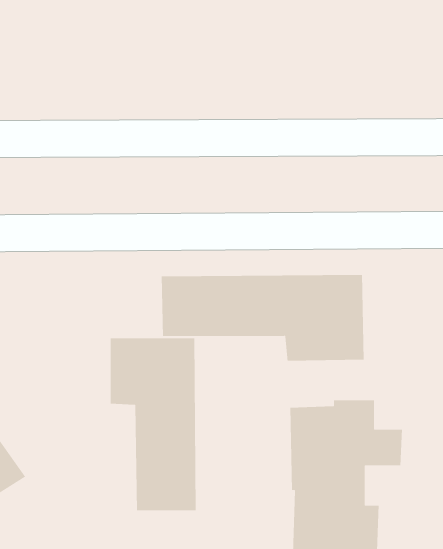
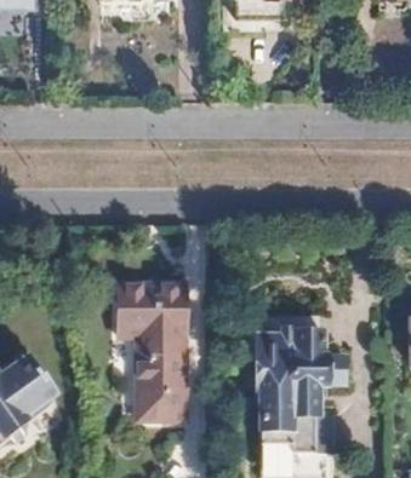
building: [161,274,364,361] -> none

